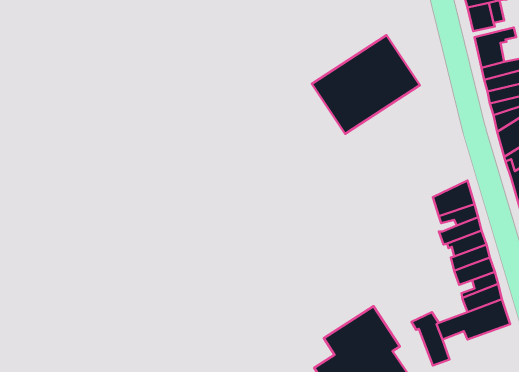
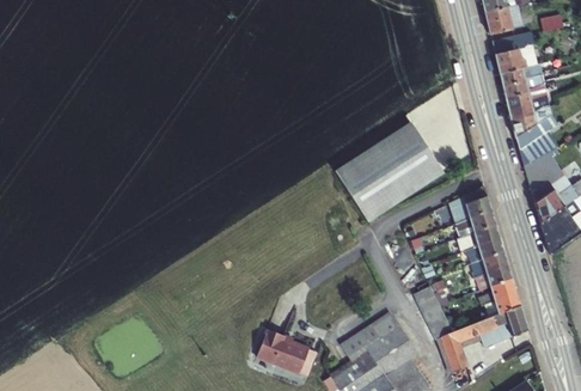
building: [312,35,420,134] -> [336,123,445,222]
building: none -> [410,282,449,329]
building: none -> [257,330,310,374]

